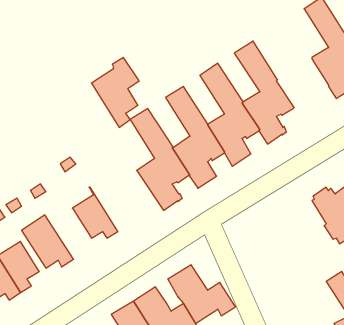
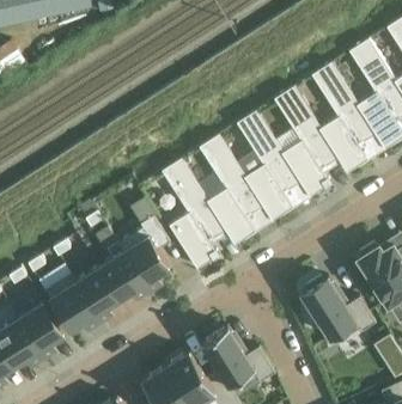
building: none -> [312,62,376,173]
building: [91,58,139,127] -> [118,216,170,292]
building: none -> [69,267,120,322]
building: none -> [303,277,376,344]

